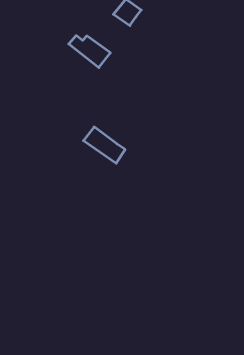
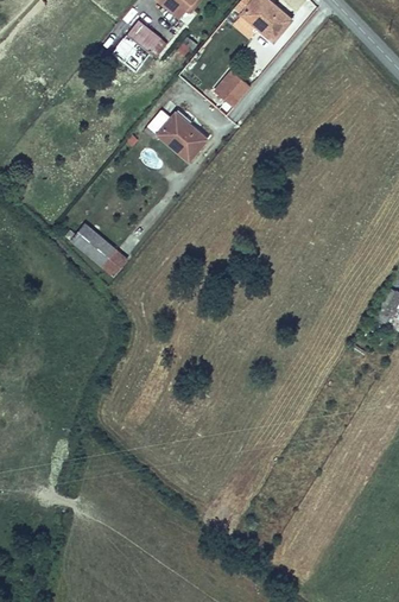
building: [83,127,125,163] -> [72,221,128,272]

